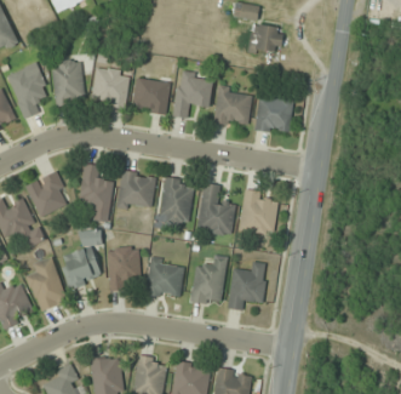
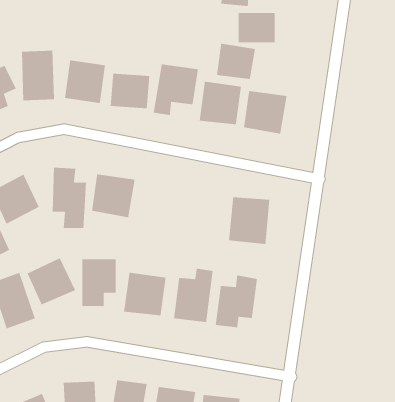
building: none -> [216,43,256,80]
building: [159,177,194,224] -> none
building: [196,182,236,234] -> none

